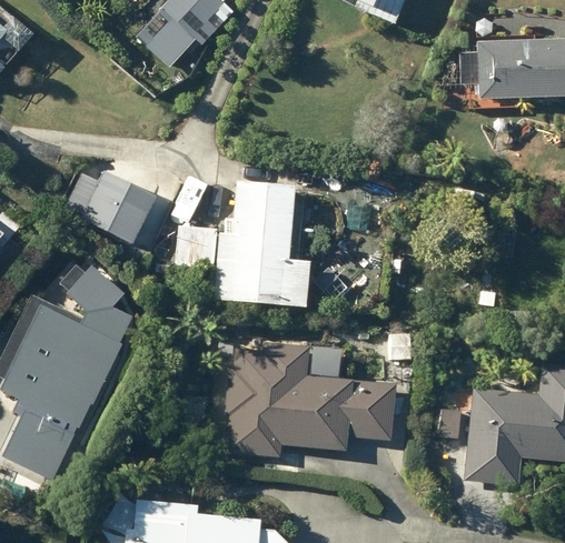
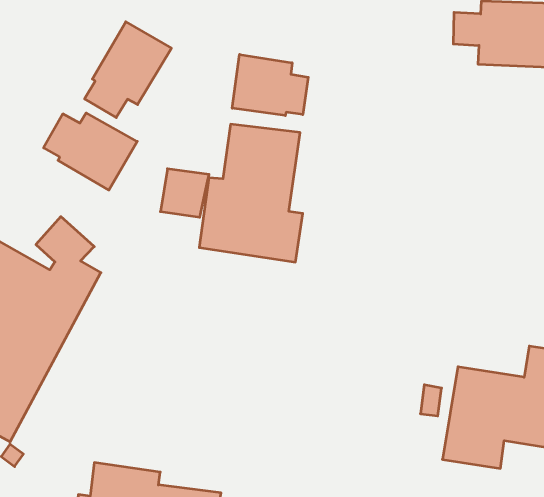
building: none -> [85,22,171,118]
building: none -> [232,54,308,116]
building: [225,343,393,456] -> none

